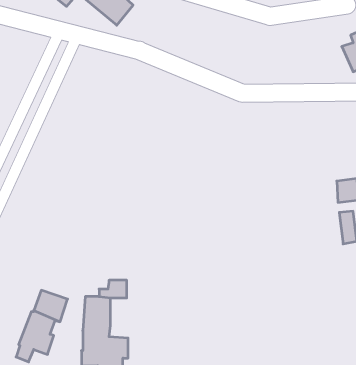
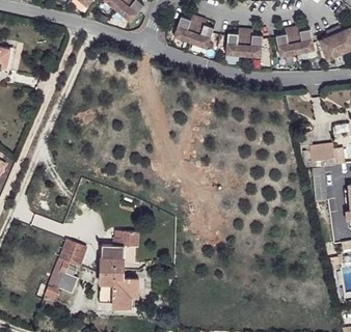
building: none -> [171,12,212,48]
building: none -> [274,23,312,57]
building: none -> [224,26,261,57]

